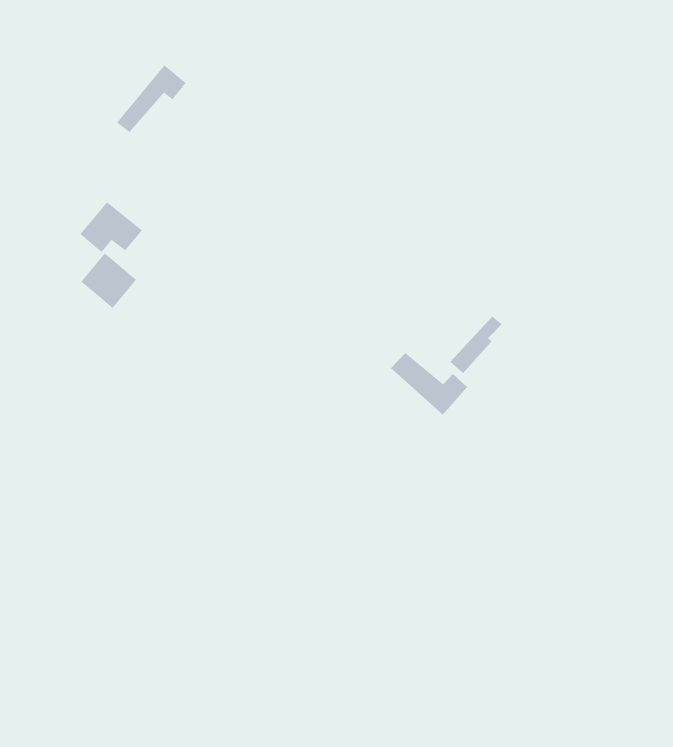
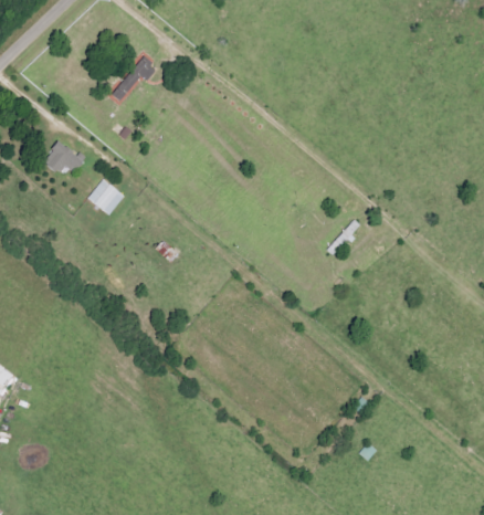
building: [79,201,143,253] -> [43,140,84,174]
building: [390,352,468,415] -> none

